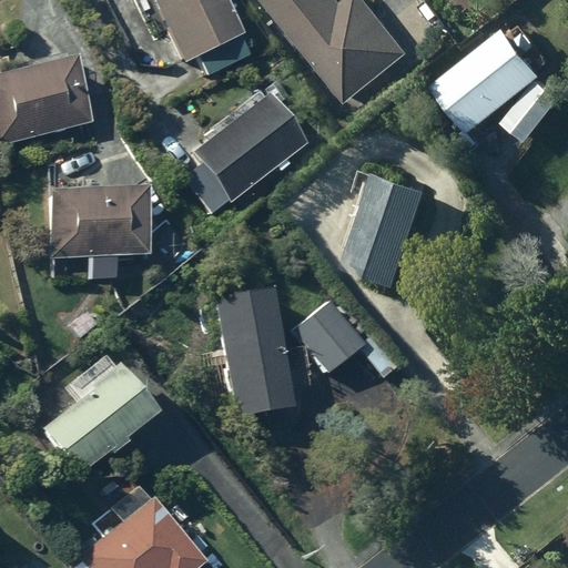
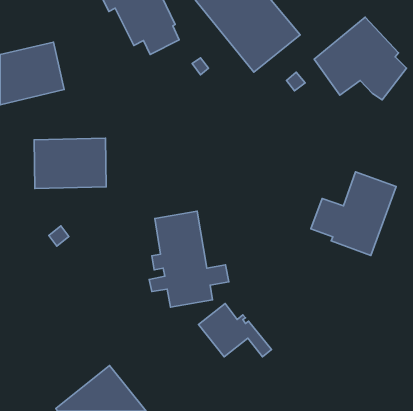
building: [184,94,304,211] -> none
building: [321,170,437,284] -> [311,172,396,255]
building: [292,300,392,373] -> [198,303,271,357]
building: [43,365,158,474] -> none

